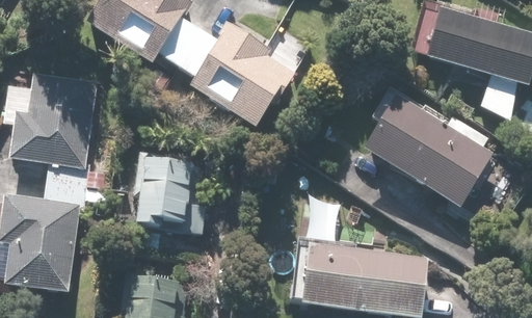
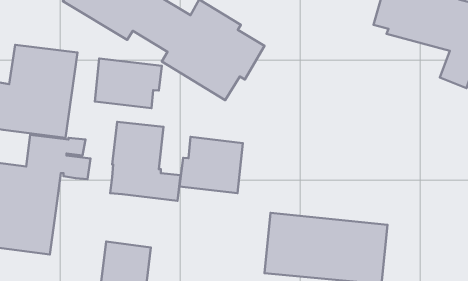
building: none -> [95,59,162,108]
building: [361,94,493,207] -> none
building: none -> [180,137,243,193]

